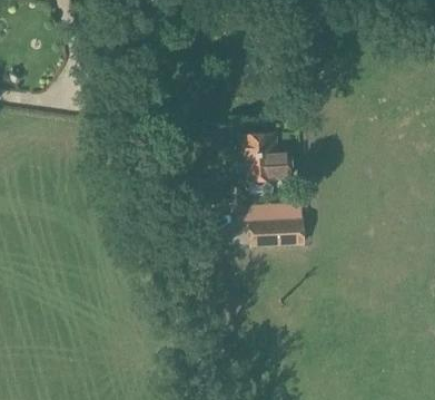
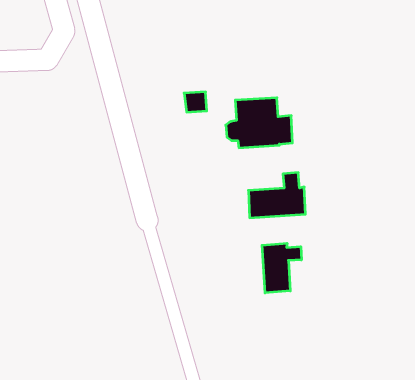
building: none -> [262,243,301,293]

